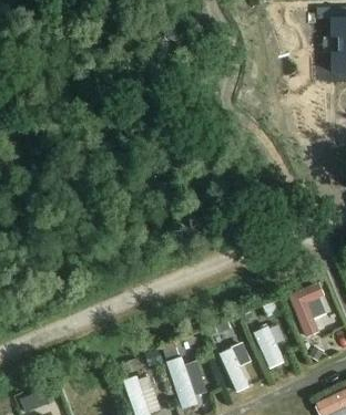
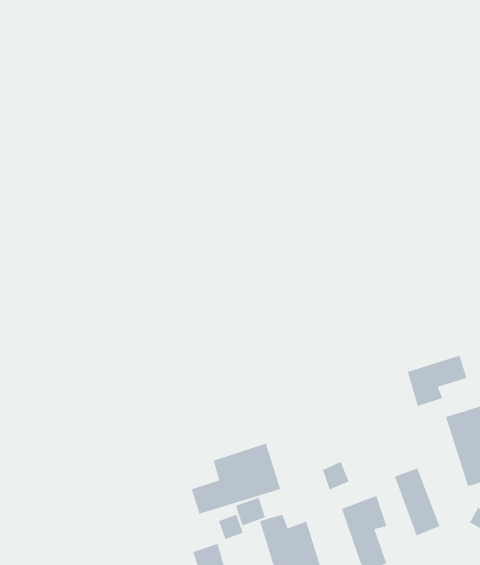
building: none -> [407,355,467,407]
building: none -> [191,443,281,515]

